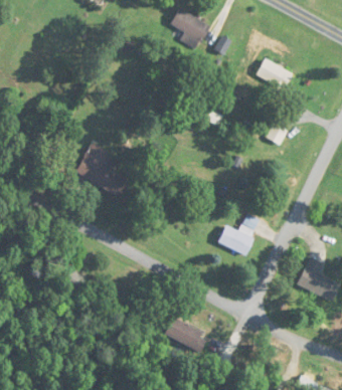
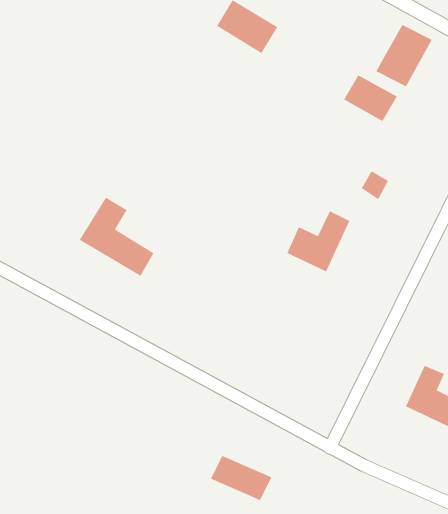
building: none -> [376,24,432,87]
building: [217,213,261,255] -> [287,210,350,272]

